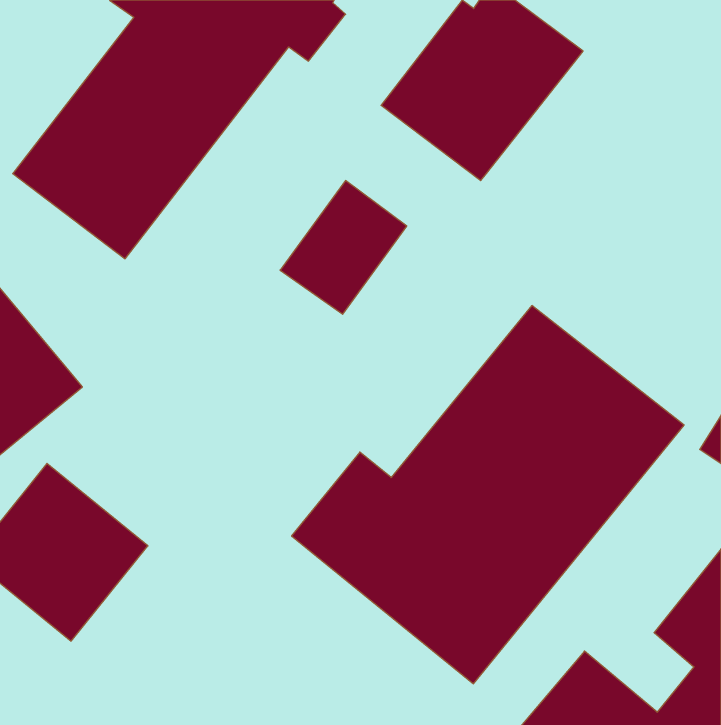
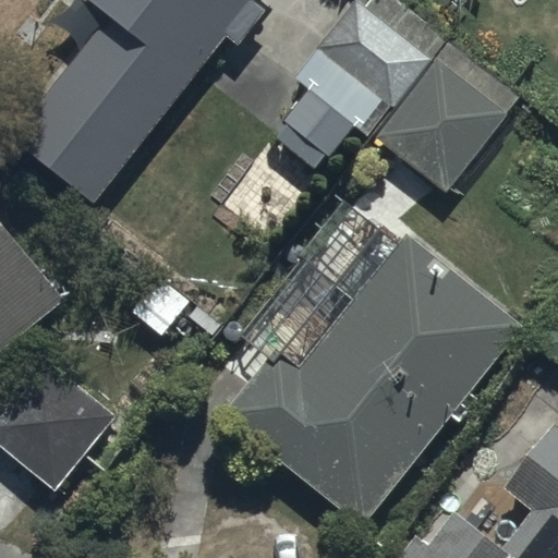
building: none -> [373,40,520,191]

